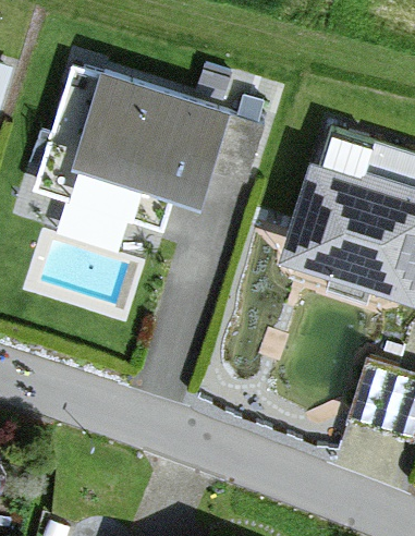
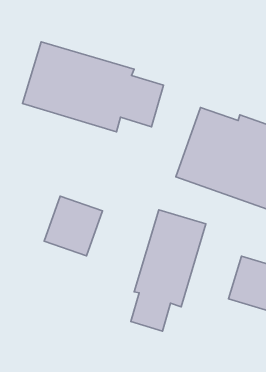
building: [59,165,138,245] -> [44,196,103,256]
building: none -> [131,210,206,331]

